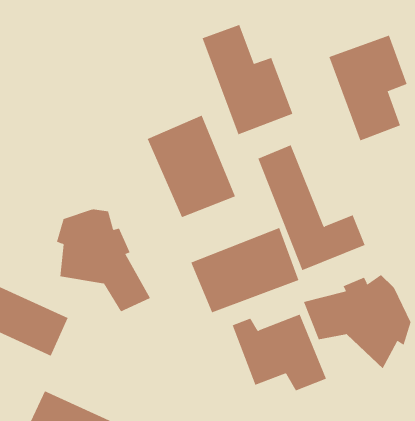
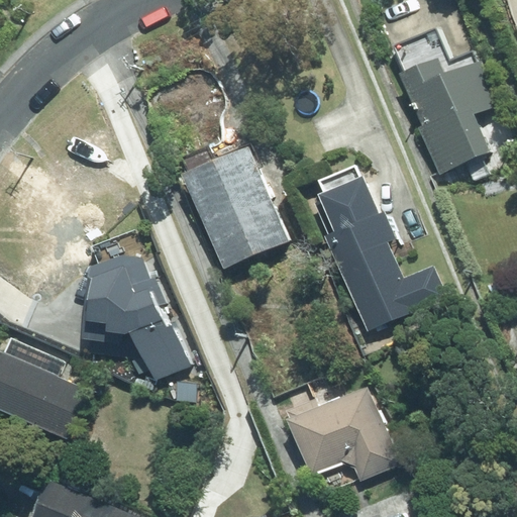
building: [202,24,293,135] -> none
building: [191,227,299,313] -> none
building: [303,274,411,369] -> none

